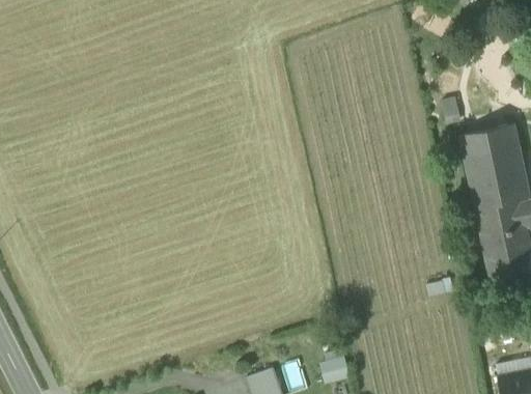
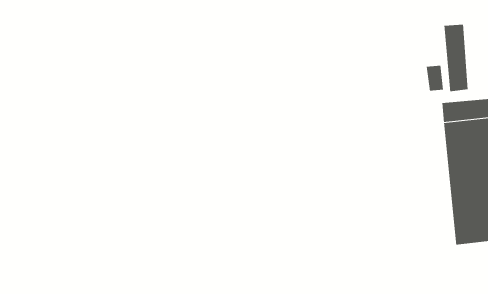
building: none -> [444,24,468,92]

